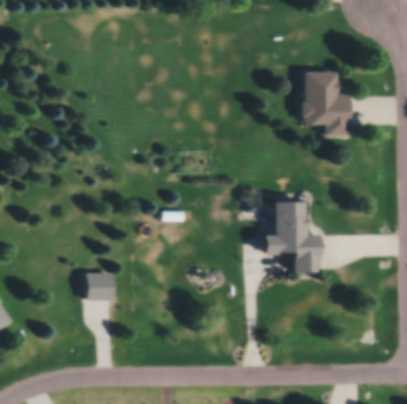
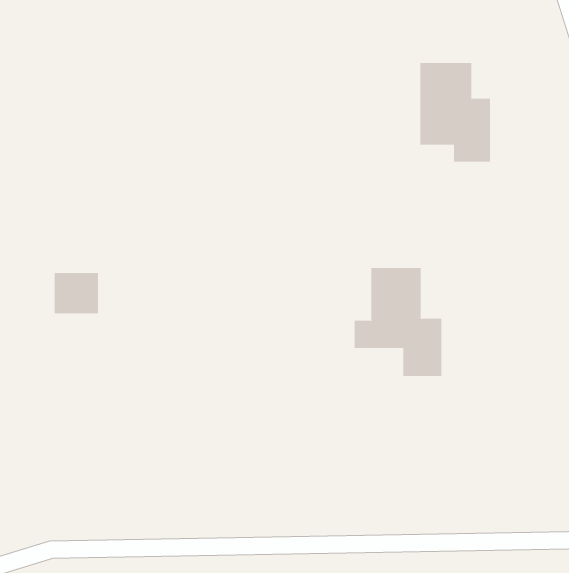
building: [90,272,119,298] -> [54,272,99,314]

